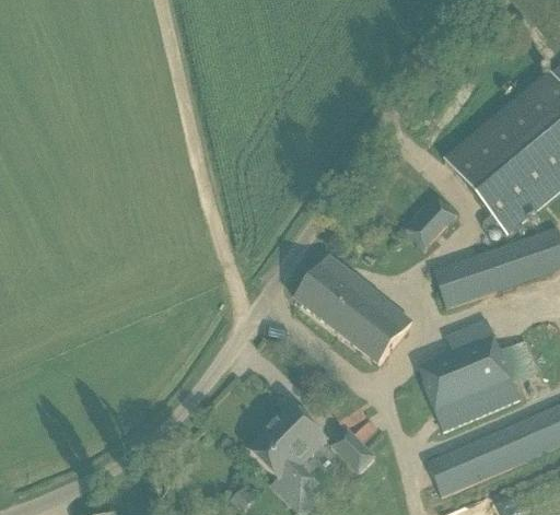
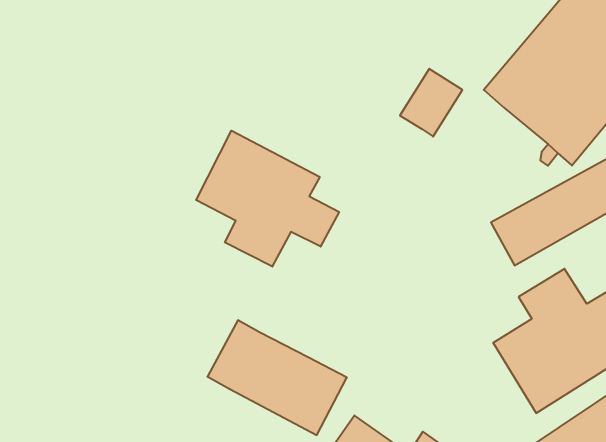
building: none -> [196,131,339,267]
building: [402,196,457,251] -> [400,69,462,137]
building: [296,258,410,363] -> [207,320,347,435]

